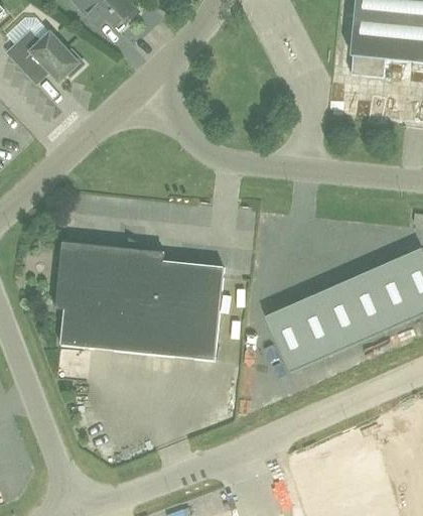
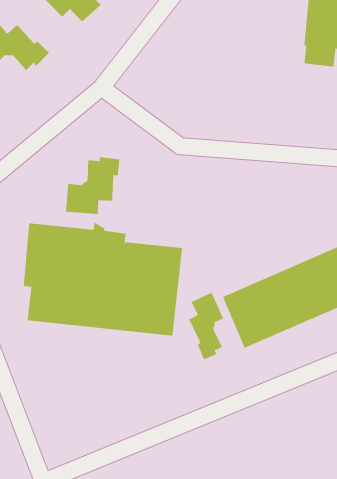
building: none -> [65,157,120,215]
building: none -> [188,292,224,360]

